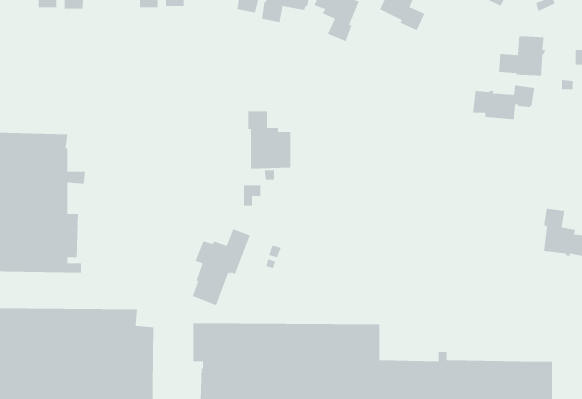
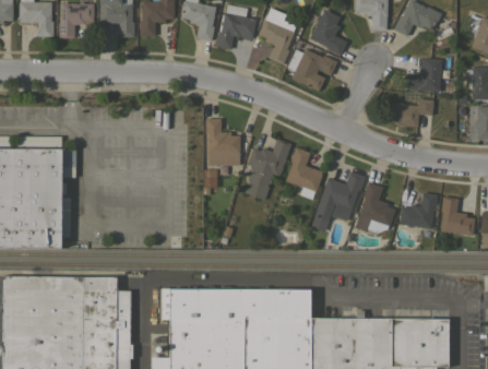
building: none -> [287,49,337,92]
building: none -> [286,147,322,192]
building: none -> [311,171,366,233]
building: none -> [355,182,395,234]
building: none -> [400,192,440,237]
building: [192,228,251,306] -> [245,139,291,201]

